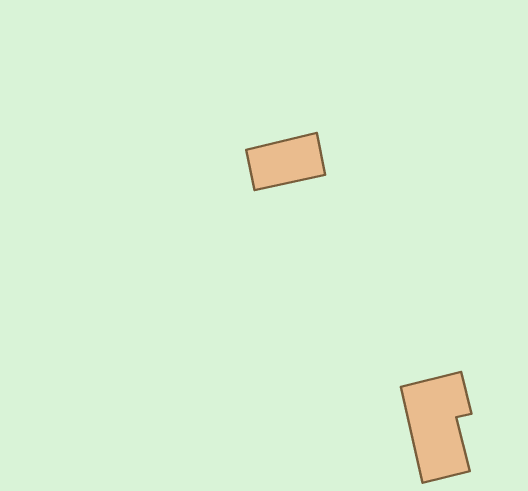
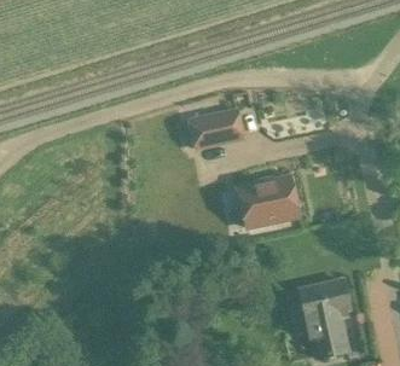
building: none -> [236,178,297,227]

